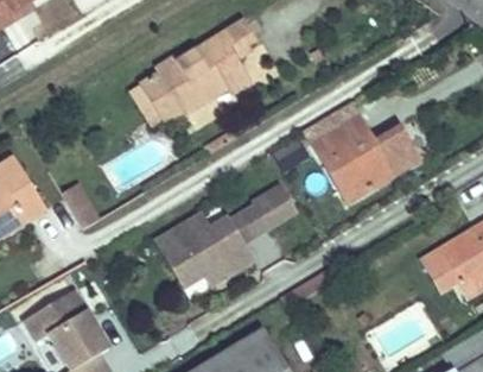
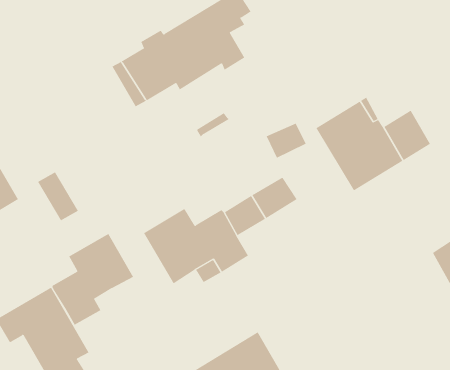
building: none -> [52,233,134,325]

